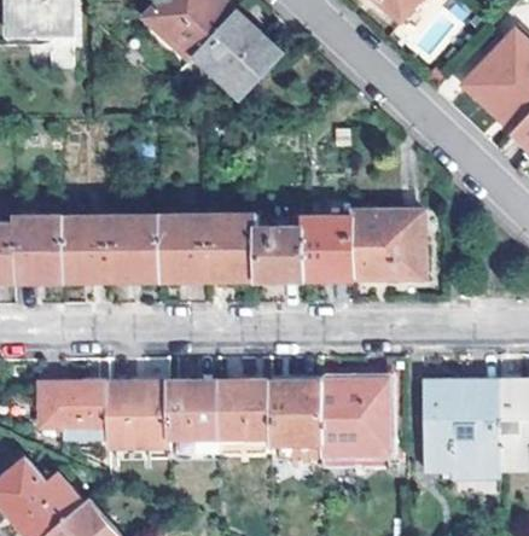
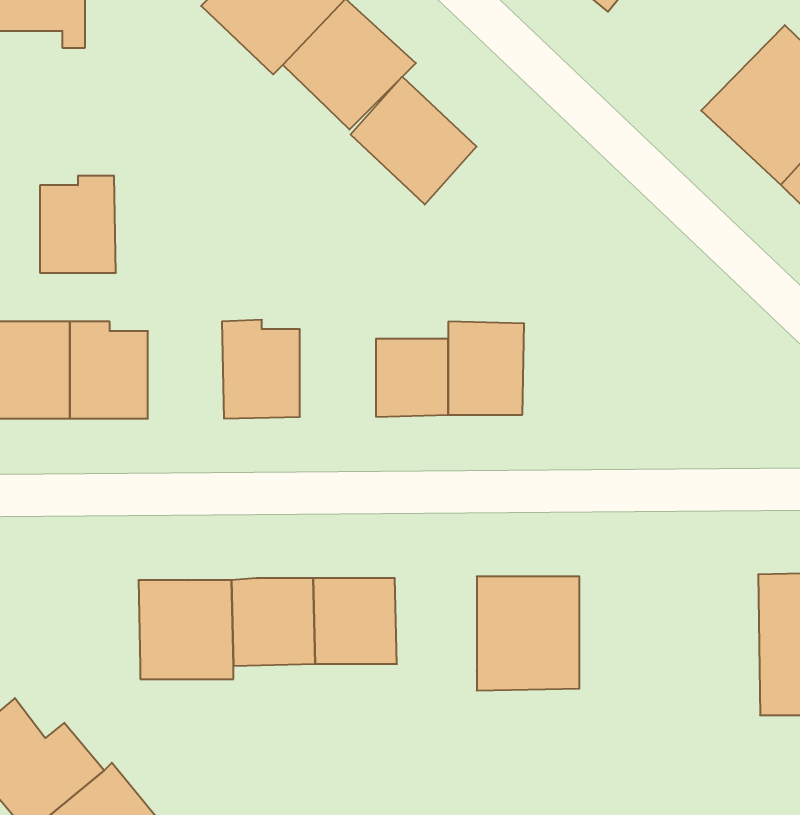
building: none -> [351,77,477,205]
building: [349,210,422,278] -> none
building: [208,217,256,279] -> none
building: [111,219,159,280] -> [40,176,116,273]
building: [425,379,500,470] -> none
building: [268,380,320,442] -> none
building: [39,383,106,437] -> none

